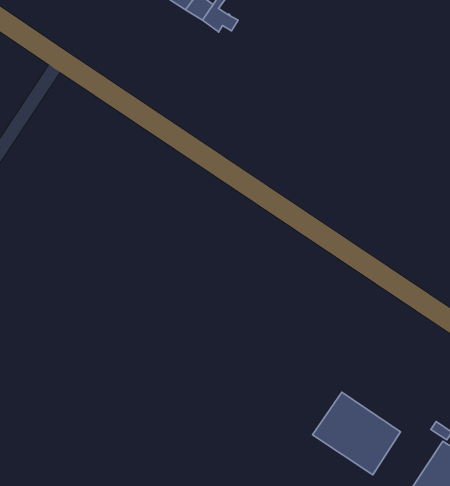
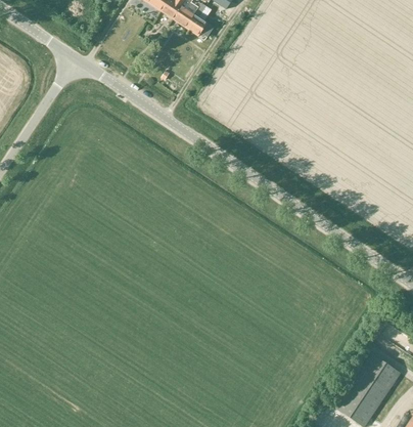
building: [313,392,401,475] -> none

